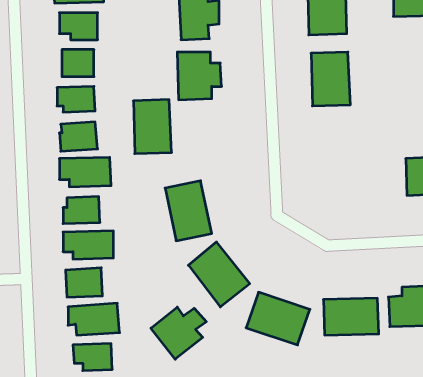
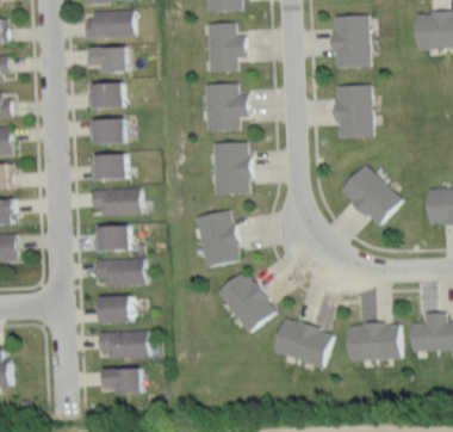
building: [133,100,172,154] -> [212,142,249,195]
building: none -> [340,165,402,226]
building: [151,307,206,359] -> none

